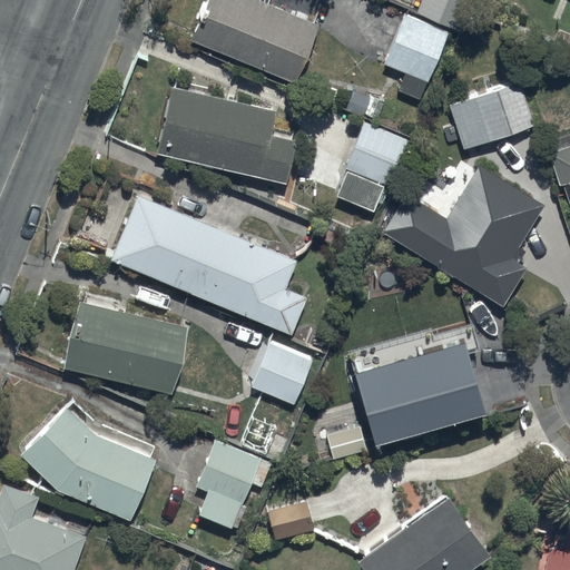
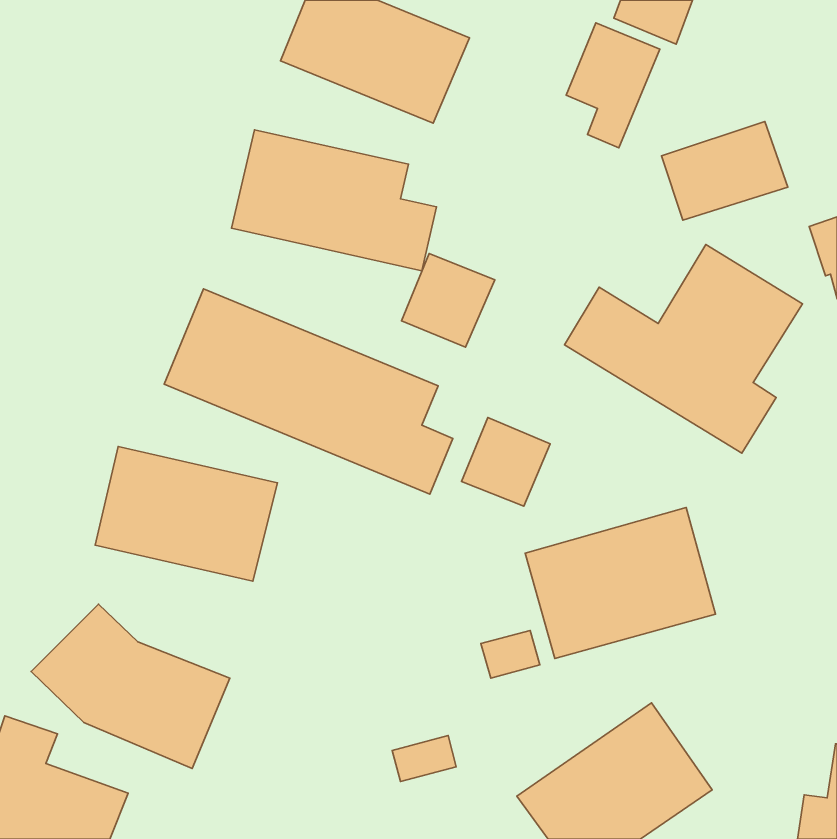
building: [345,122,409,186] -> [401,254,495,347]
building: [252,344,312,404] -> [462,418,550,506]
building: [196,441,261,505] -> none

